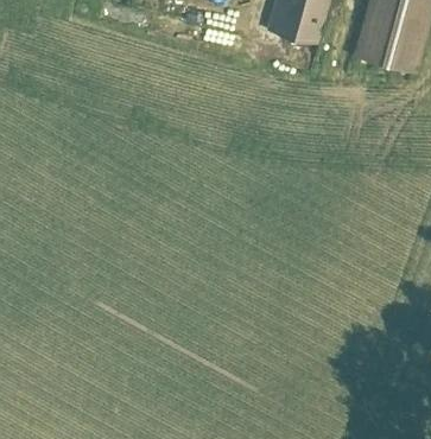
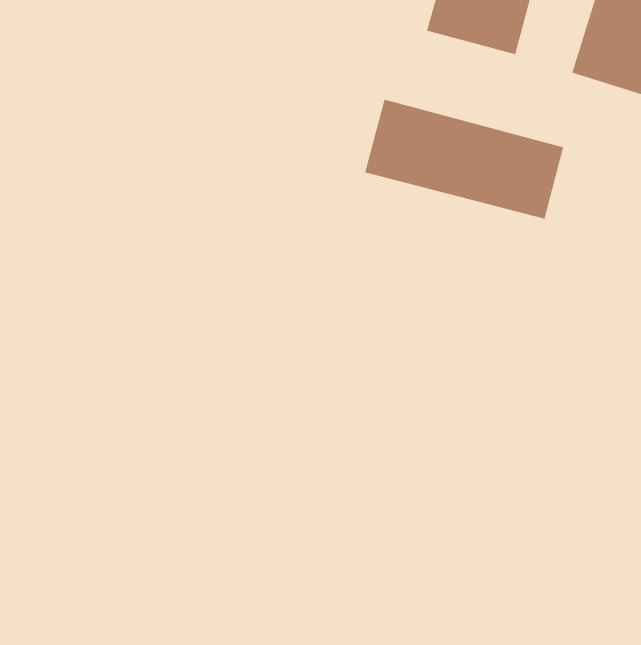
building: none -> [364,99,564,219]

